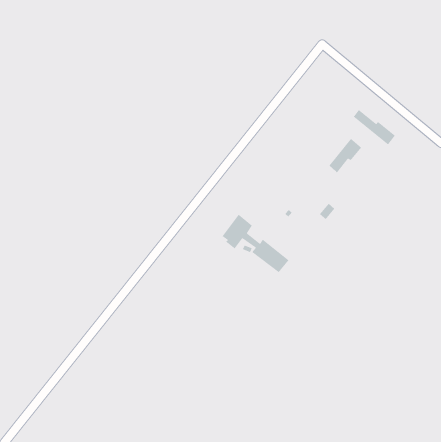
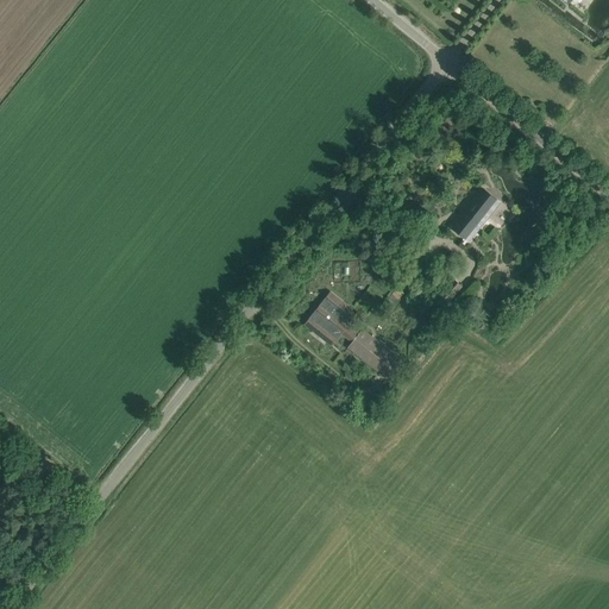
building: [353,109,396,146] -> none

